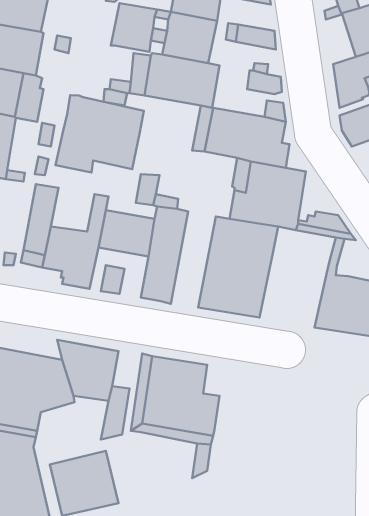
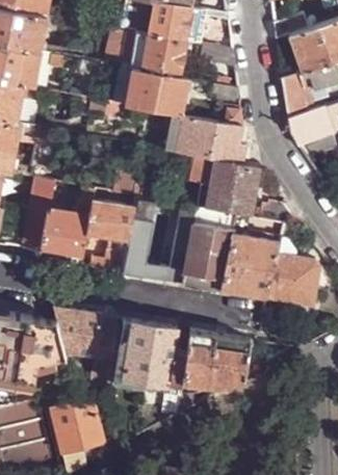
building: [55,95,144,173] -> none
building: none -> [222,234,280,297]
building: none -> [184,331,252,396]

